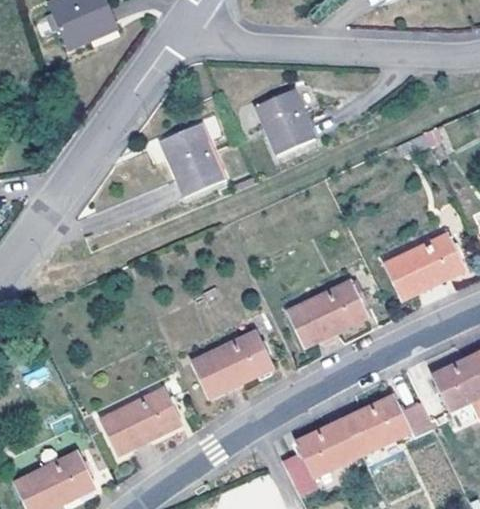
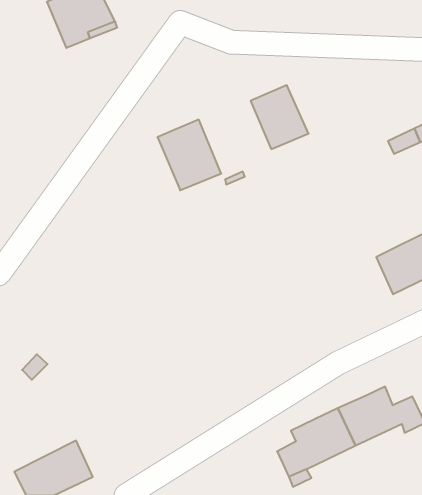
building: [287,279,369,347] -> none
building: [193,330,274,398] -> none
building: [101,387,182,455] -> none

